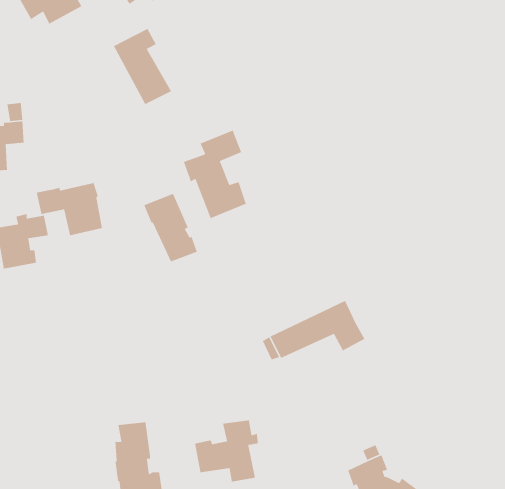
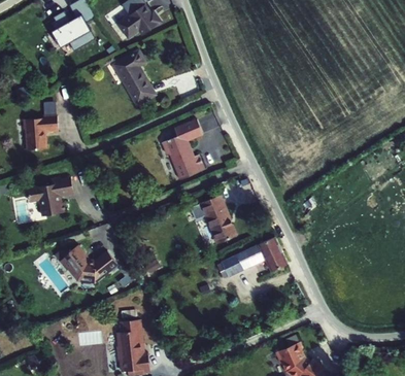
building: [36,182,103,236] -> none
building: [143,193,198,263] -> [199,198,236,245]
building: none -> [59,244,116,281]
building: [194,419,259,483] -> none

